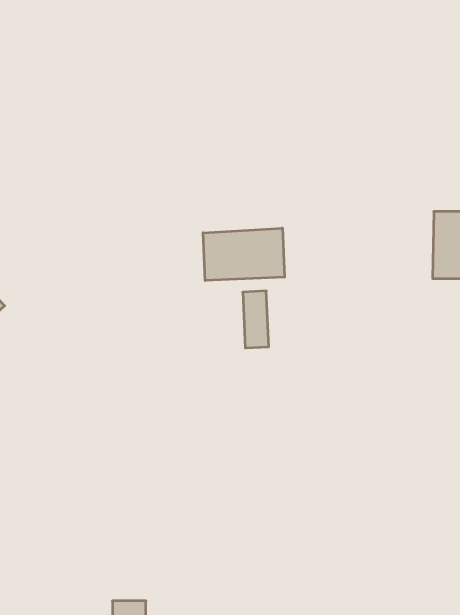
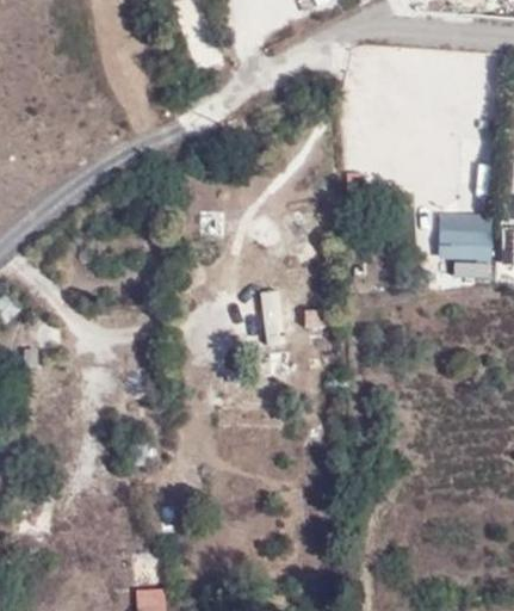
building: [203,228,285,281] -> none

